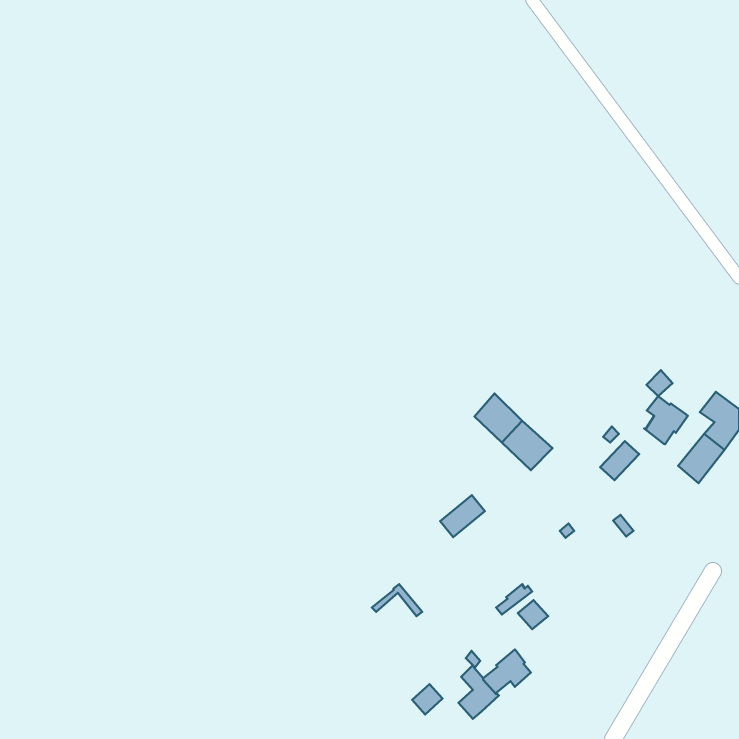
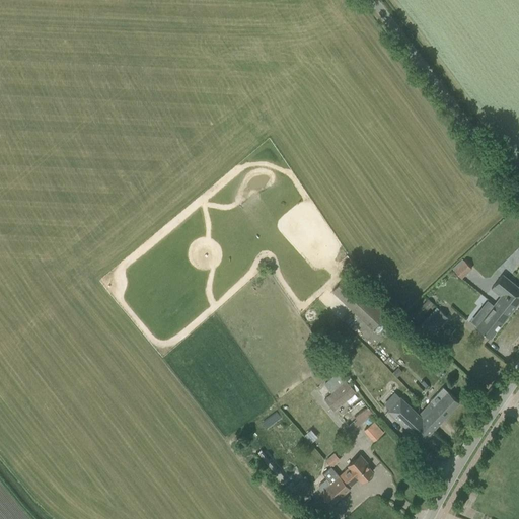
building: [644,396,688,444] -> none
building: [440,495,485,537] -> [324,381,356,411]
building: none -> [387,388,459,442]

